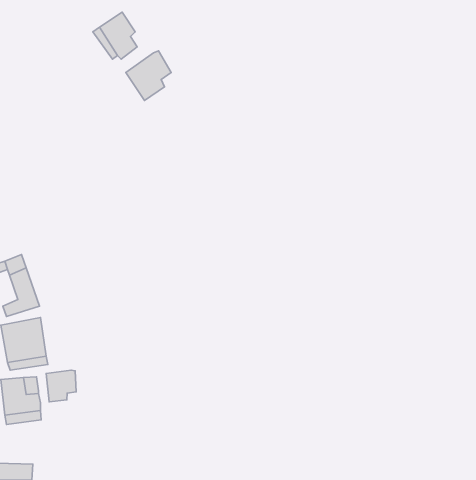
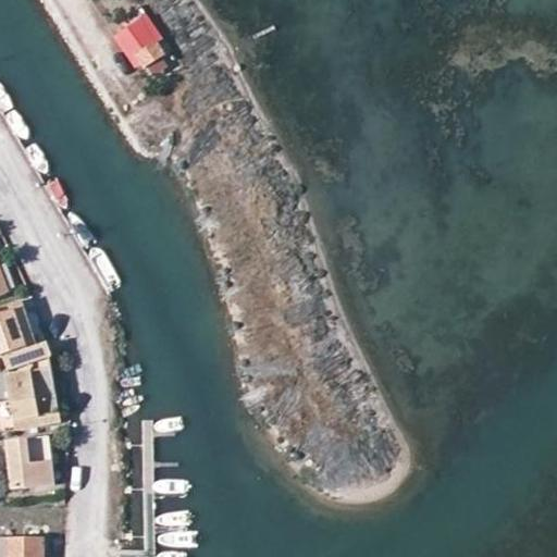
building: [126,51,171,100] -> none
building: [46,370,76,402] -> none

